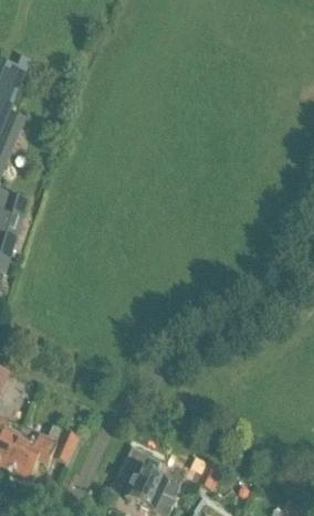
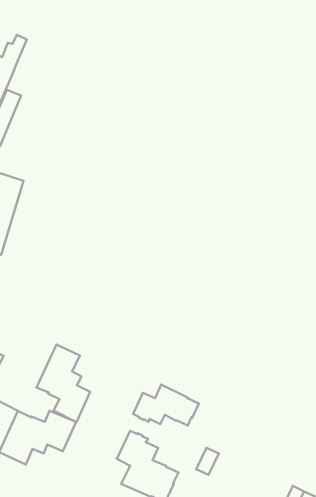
building: none -> [37,345,90,422]
building: none -> [133,384,199,426]

